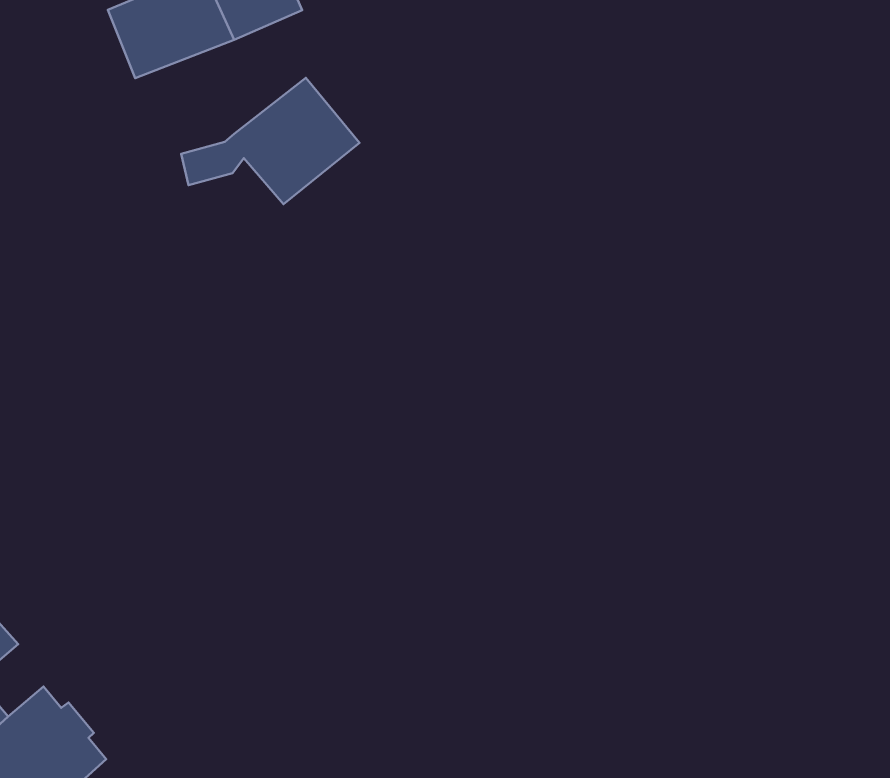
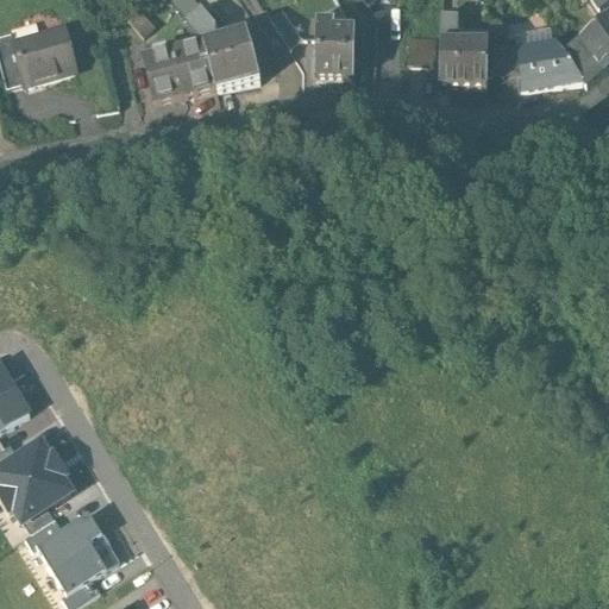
building: [181,78,359,204] -> none

